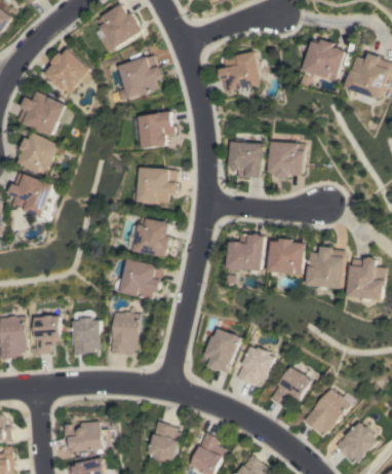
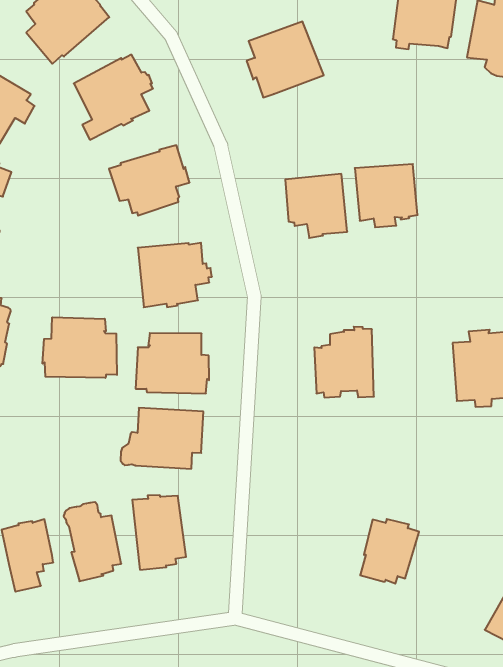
building: none -> [43,317,117,378]
building: [270,238,307,276] -> none
building: [203,328,239,372] -> none
building: [270,366,311,405] -> none

